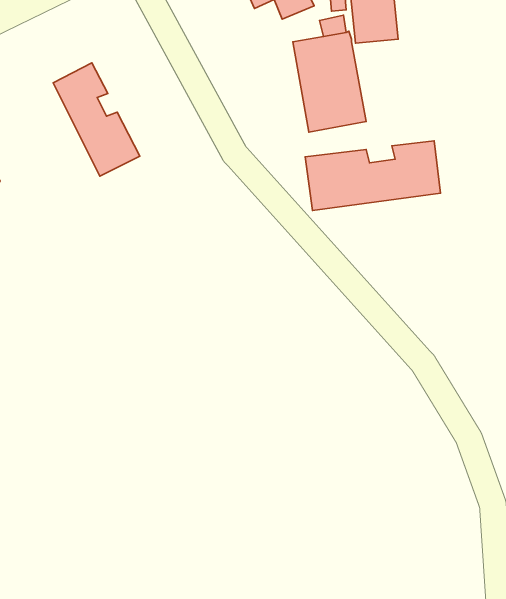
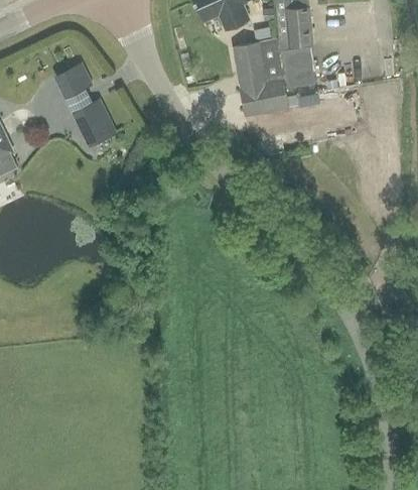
building: none -> [282,45,315,88]
building: [305,141,441,210] -> none

